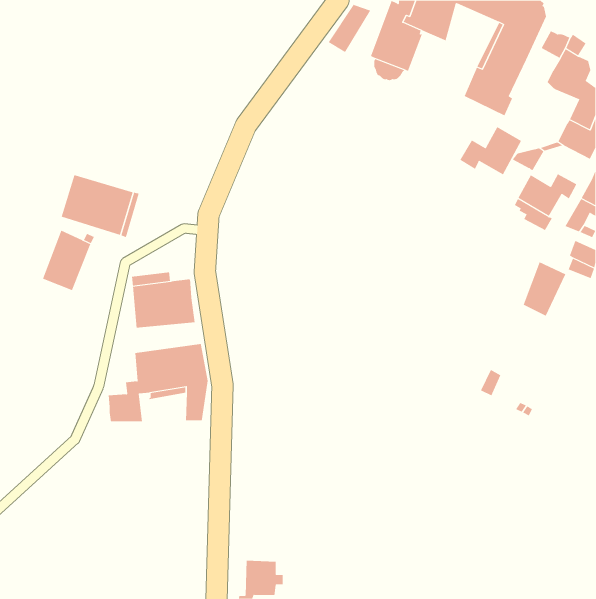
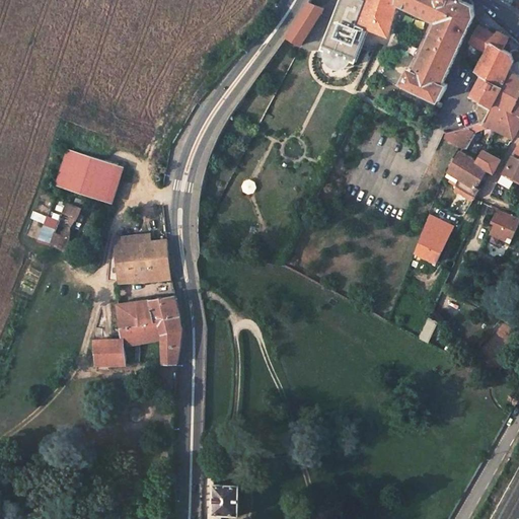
building: none -> [470,77,501,106]
building: [459,126,522,175] -> none
building: [523,261,566,316] -> [416,215,453,263]

